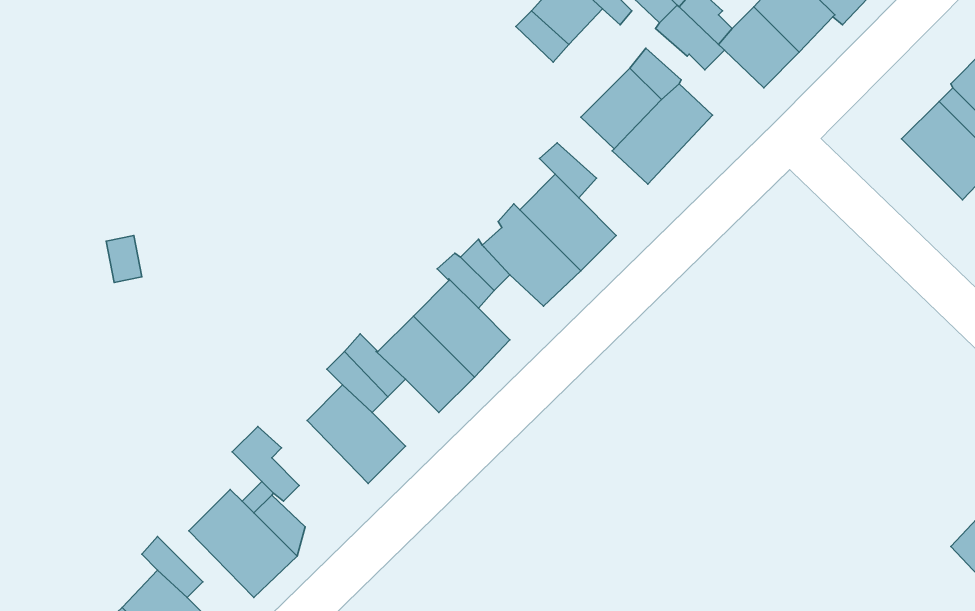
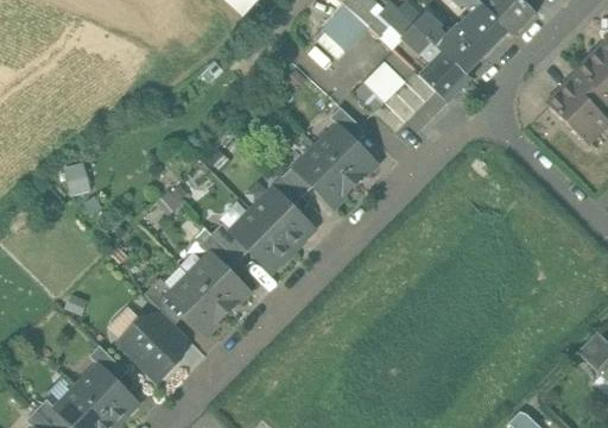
building: none -> [419,51,470,102]
building: none -> [169,275,227,334]

